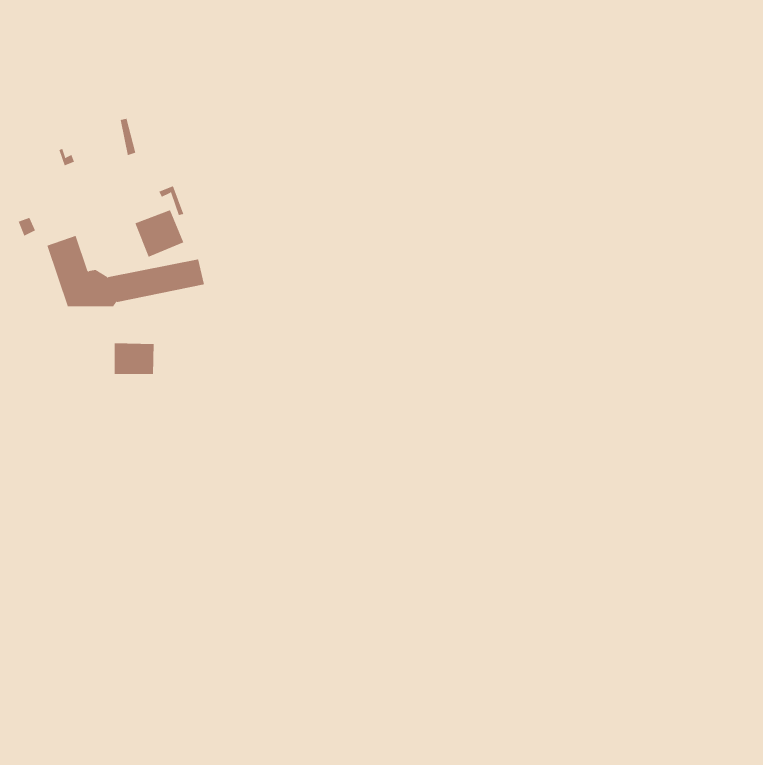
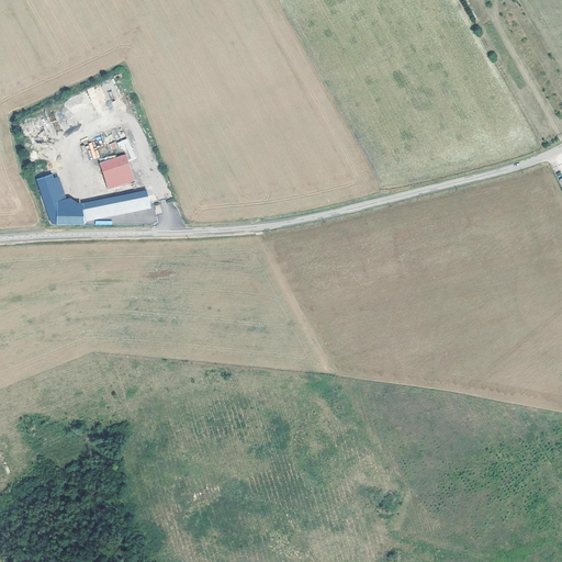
building: [114,343,154,375] -> none

